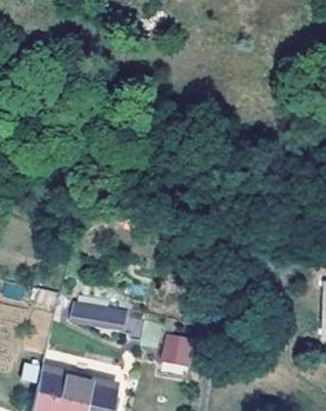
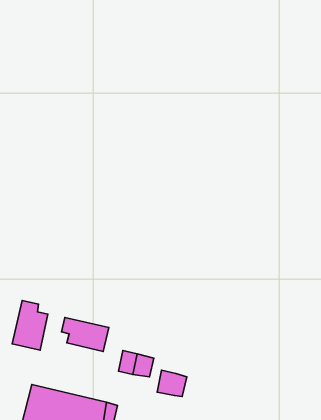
building: none -> [12,300,48,350]

